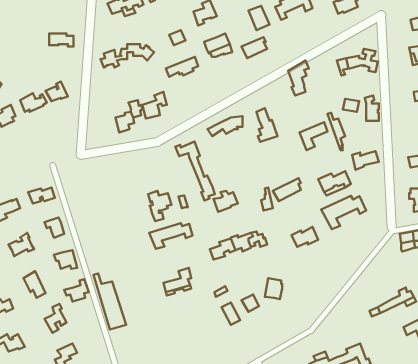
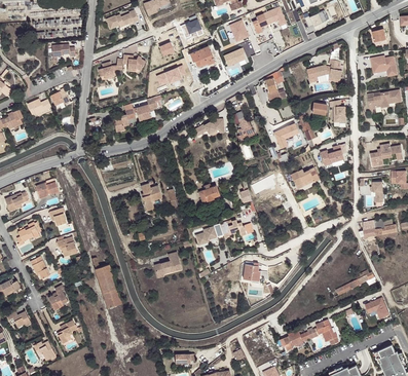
building: [175,141,215,201] -> none
building: [321,196,366,229] -> none
building: [149,223,193,249] -> none

